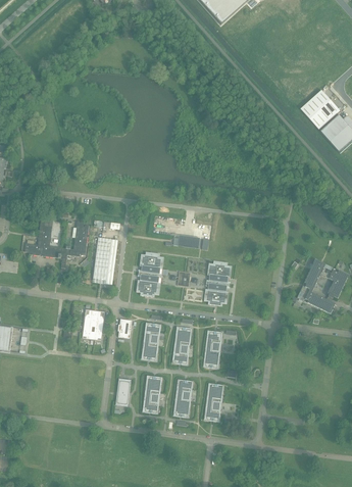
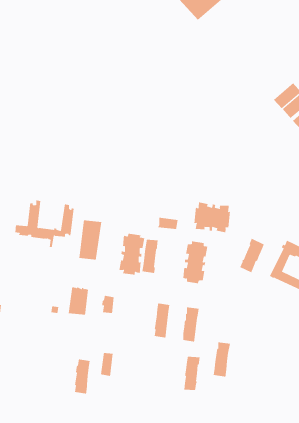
building: none -> [194,202,231,233]
building: none -> [240,238,264,273]
building: [142,323,160,359] -> [141,239,159,274]
building: [144,375,161,412] -> [74,359,91,394]
building: [173,379,193,417] -> [213,342,231,377]

